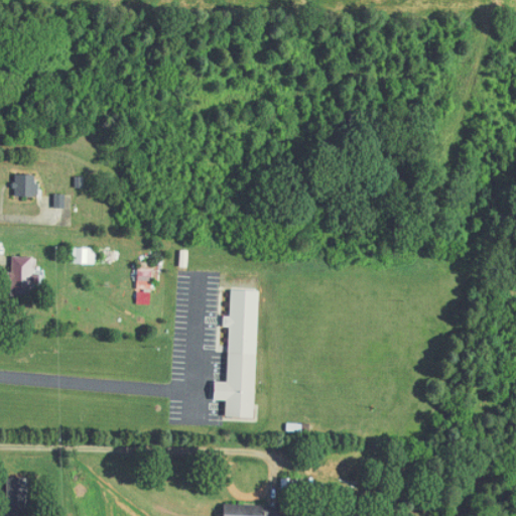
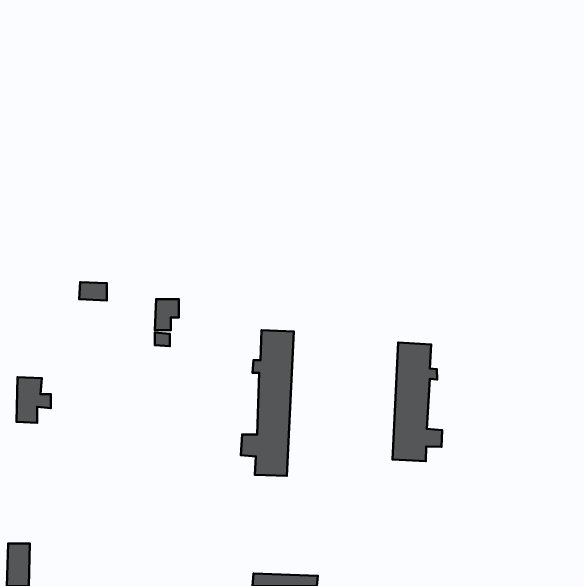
building: [13,174,36,197] -> none
building: [10,256,40,296] -> [16,377,51,423]
building: none -> [393,343,442,461]

